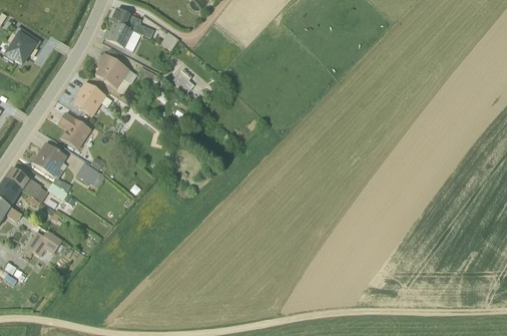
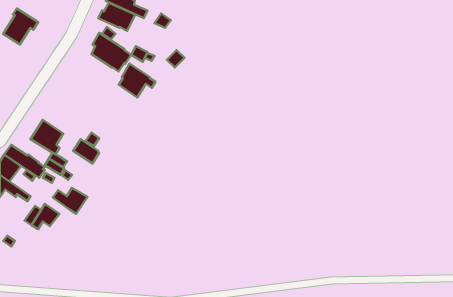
building: [73,81,111,116] -> [119,64,156,97]
building: [57,111,91,149] -> none
building: none -> [53,188,87,214]

